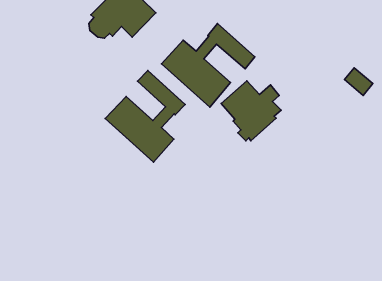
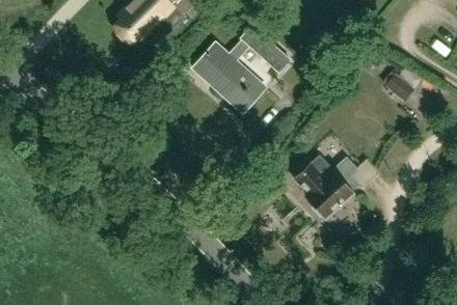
building: [105,71,185,162] -> none
building: [221,81,281,141] -> [293,157,356,220]

